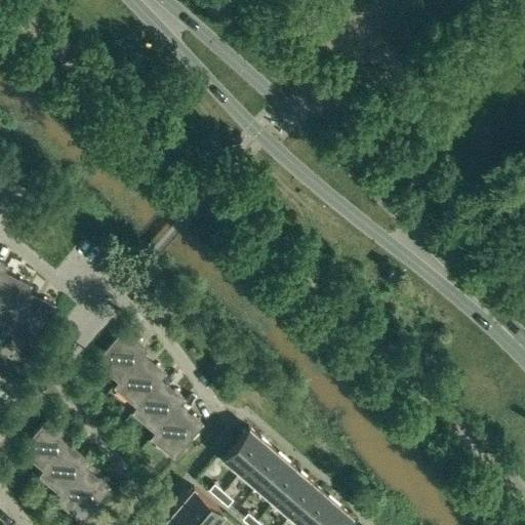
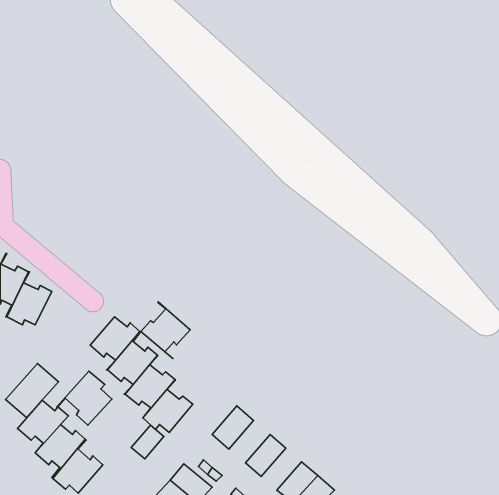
building: none -> [141,302,190,359]
building: none -> [6,364,58,418]
building: none -> [57,371,112,425]
building: [241,446,284,490] -> none
building: none -> [131,425,164,459]
building: [275,475,317,519] -> none

